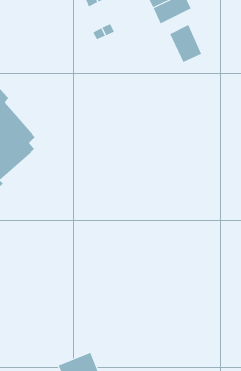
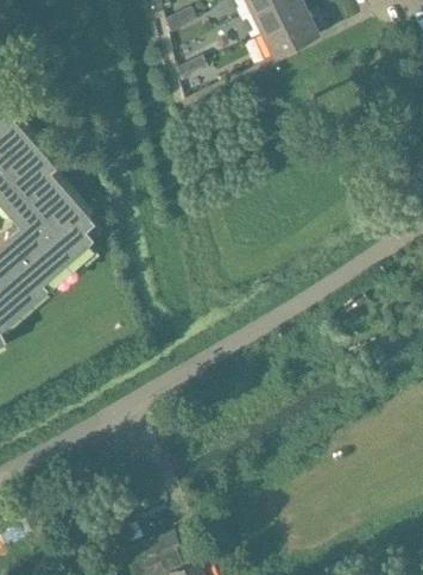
building: [169,24,202,63] -> none

